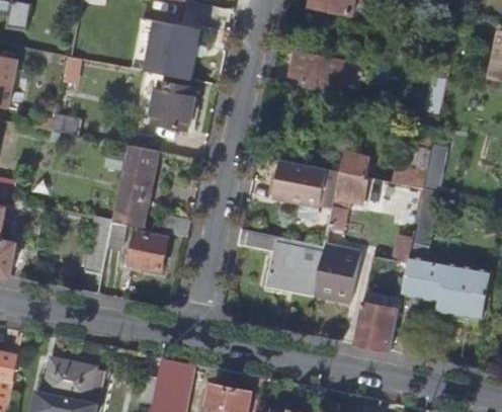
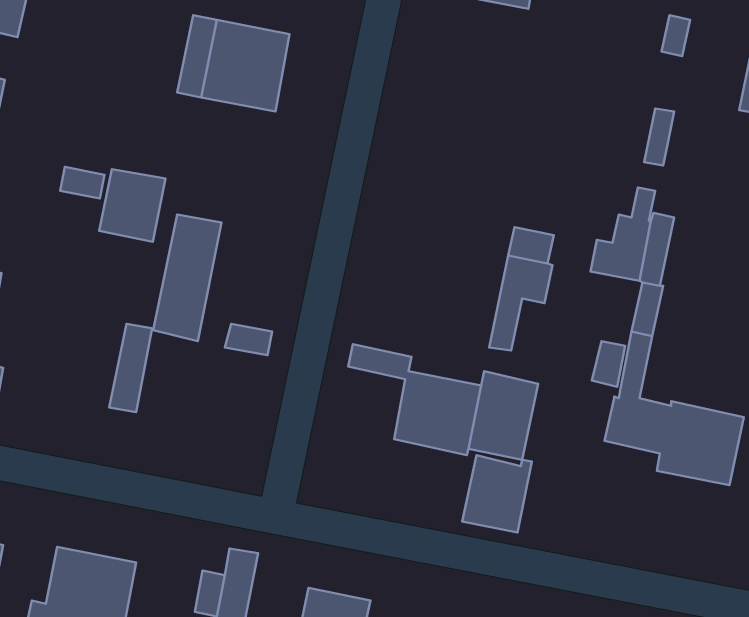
building: [291,50,343,94] -> none
building: [153,83,195,130] -> [99,169,165,242]
building: [274,160,328,207] -> none
building: [129,232,168,270] -> none
building: [354,302,399,351] -> [462,455,532,533]

